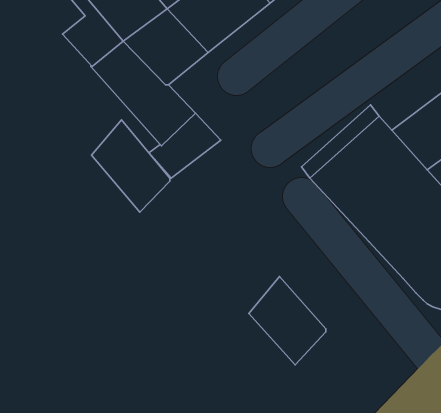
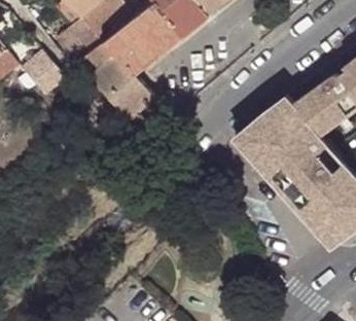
building: none -> [21,51,62,94]
building: [92,120,170,212] -> none
building: [249,276,326,365] -> none

